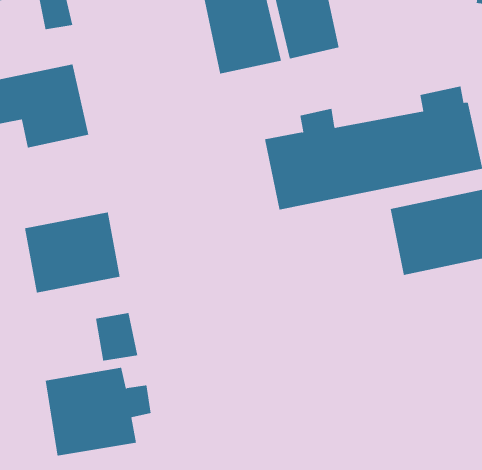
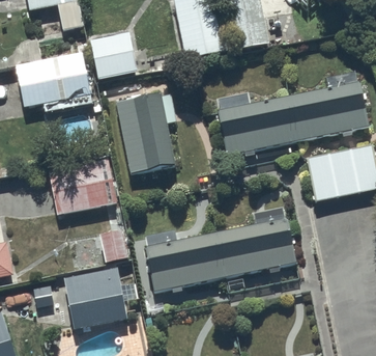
building: none -> [88,32,139,81]
building: none -> [115,90,176,173]
building: none -> [144,216,297,293]

